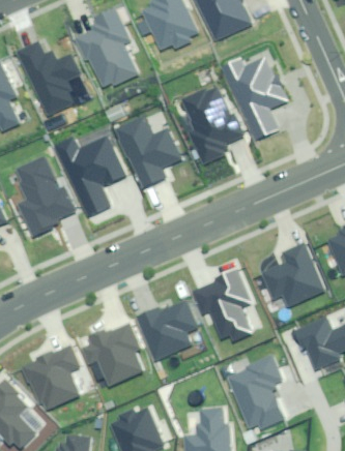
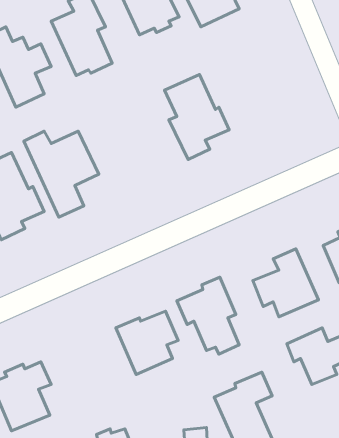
building: [224,56,287,138] -> none
building: [116,114,180,185] -> none
building: [84,322,142,384] -> none

